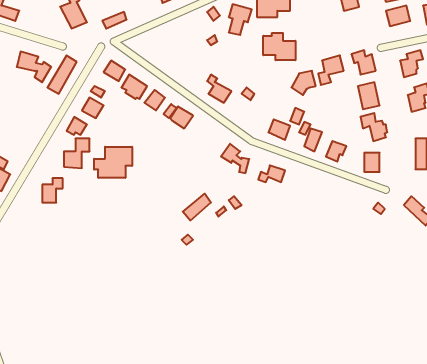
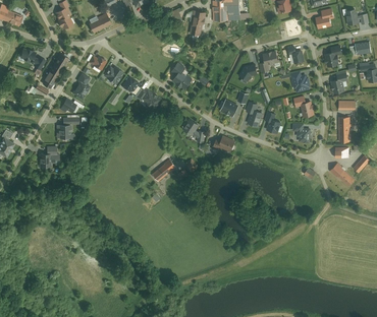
building: [263,33,295,60] -> none
building: [94,147,132,178] -> none

